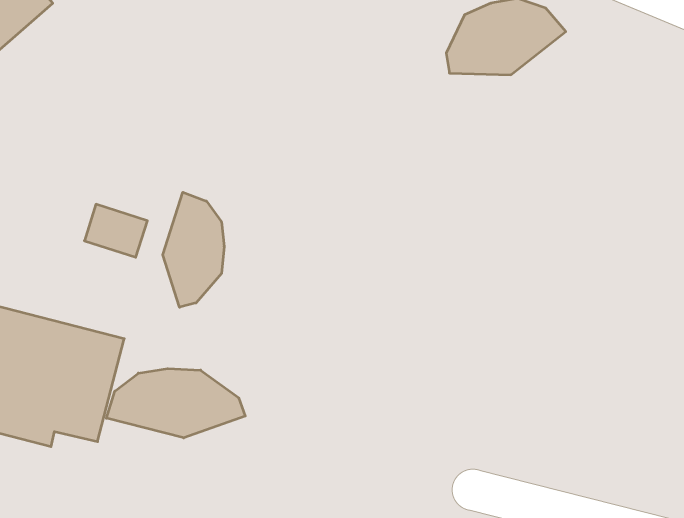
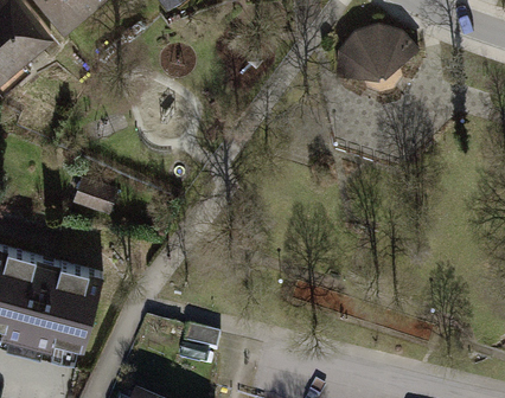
building: [163,192,224,307] -> none
building: [106,369,245,438] -> none

